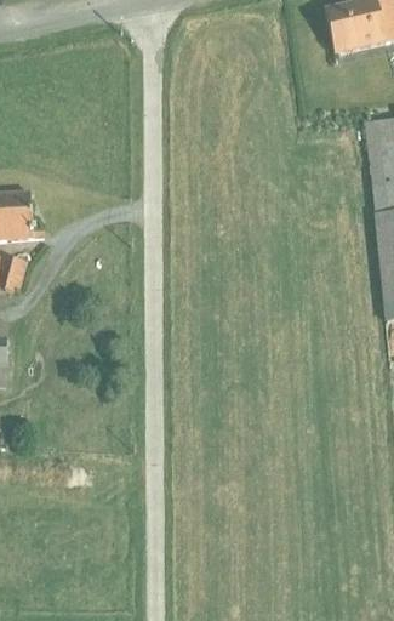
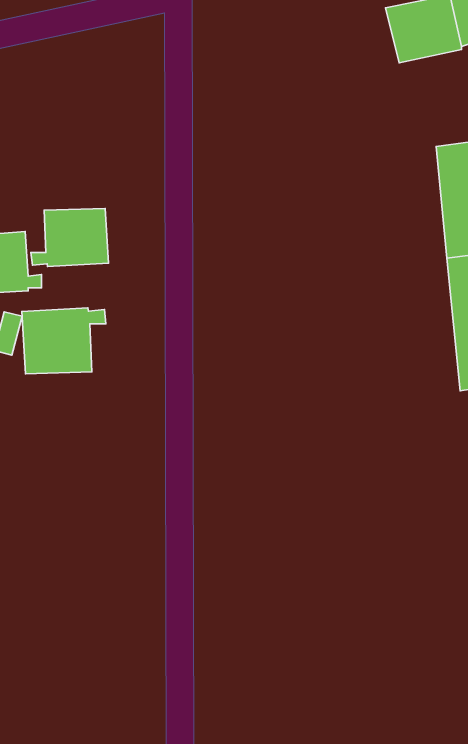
building: none -> [31,208,108,266]
building: none -> [22,308,106,374]

